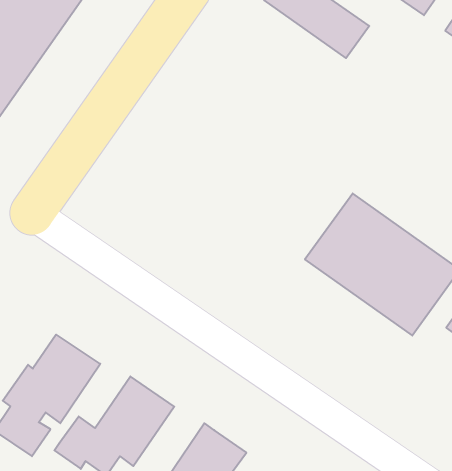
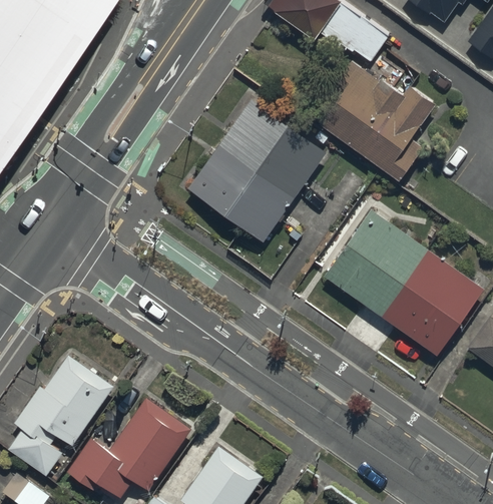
building: none -> [314,65,435,175]
building: none -> [183,95,329,243]

